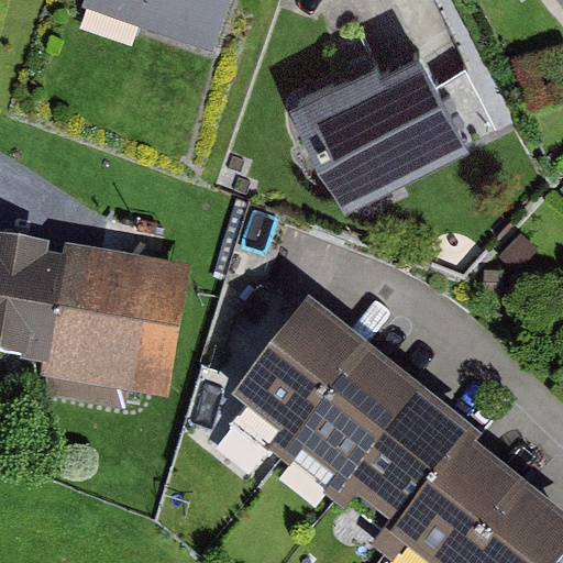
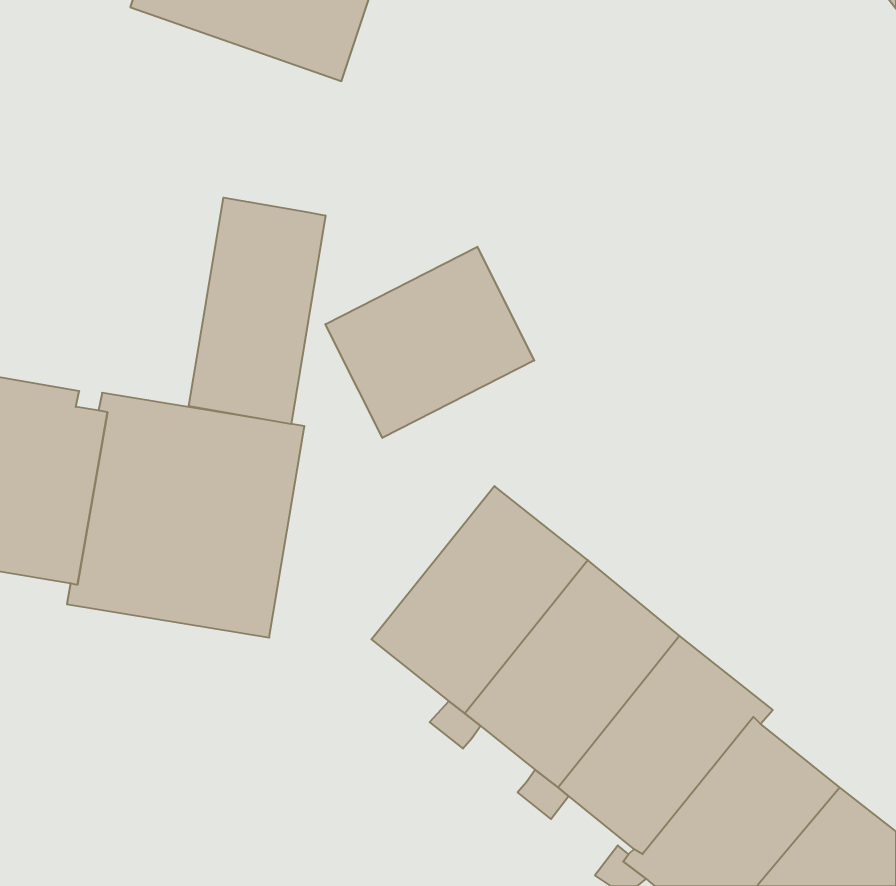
building: [289,40,468,200] -> none
building: none -> [189,198,325,424]
building: none -> [325,247,534,438]

